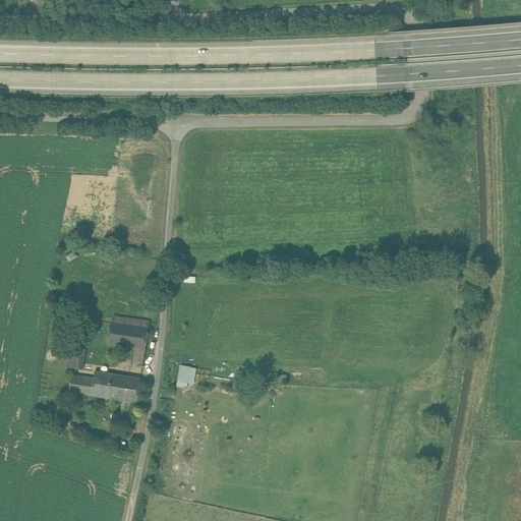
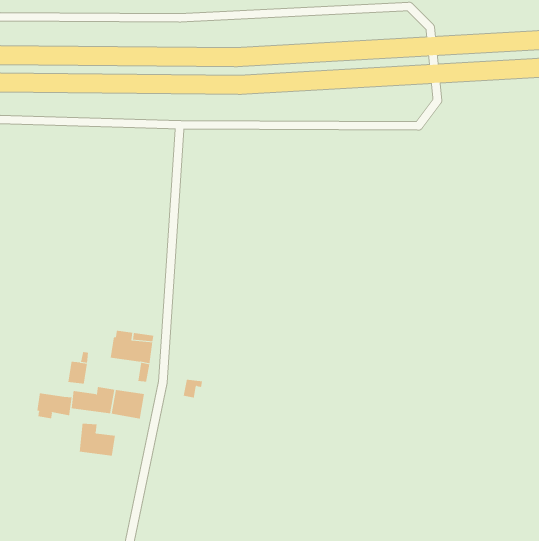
building: none -> [37,392,72,419]
building: none -> [79,423,115,456]

